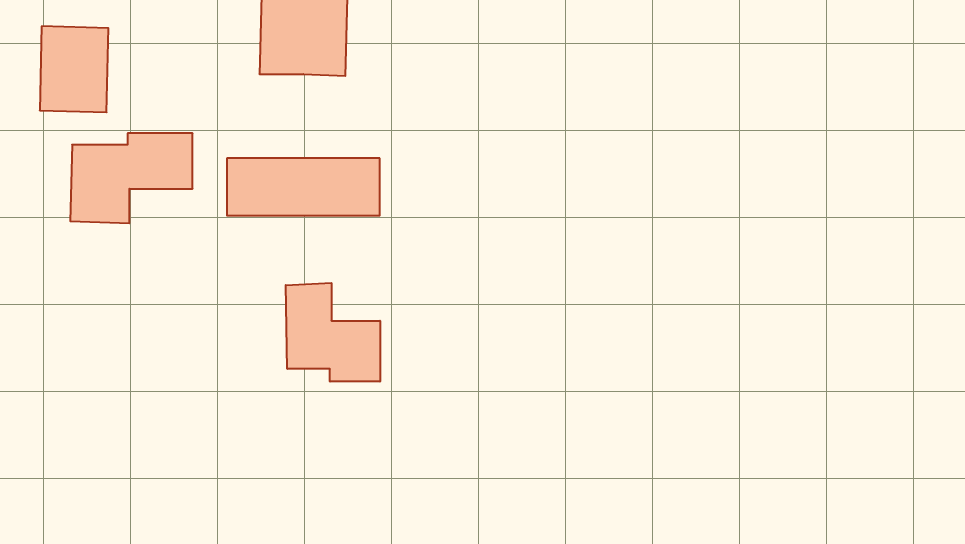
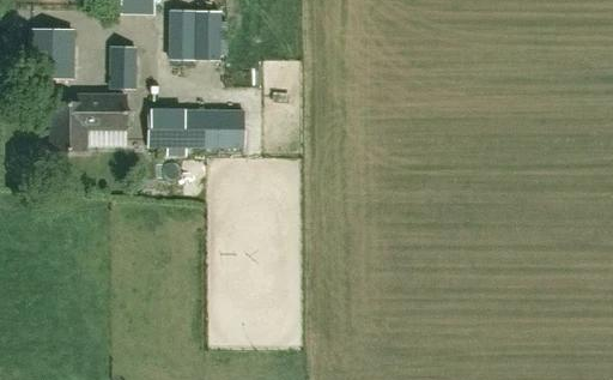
building: none -> [111,46,136,89]
building: [286,283,380,382] -> none

